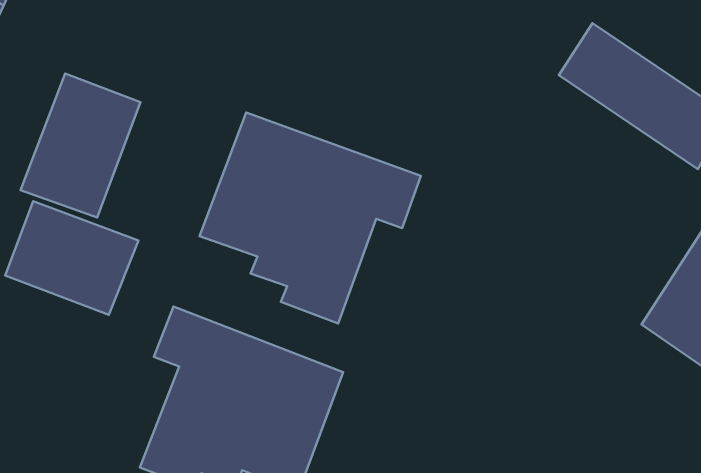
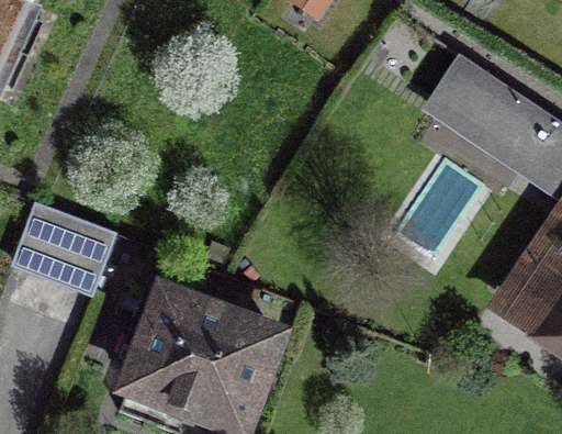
building: [21,74,141,217] -> none
building: [199,113,421,323] -> none

